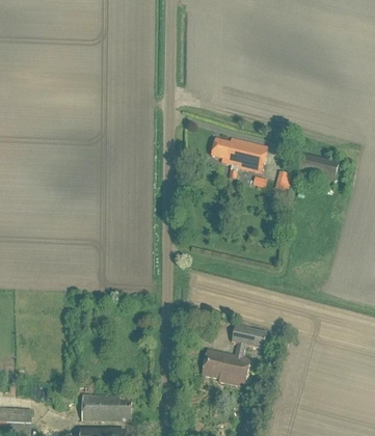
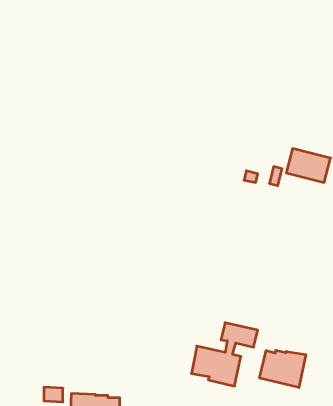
building: [211,136,267,178] -> none
building: none -> [260,350,306,388]

